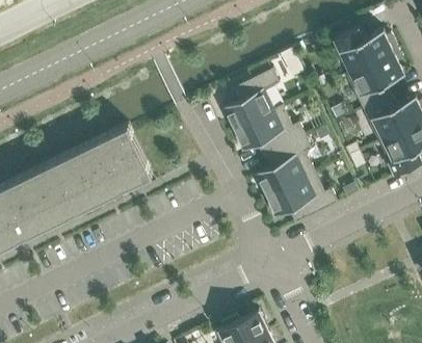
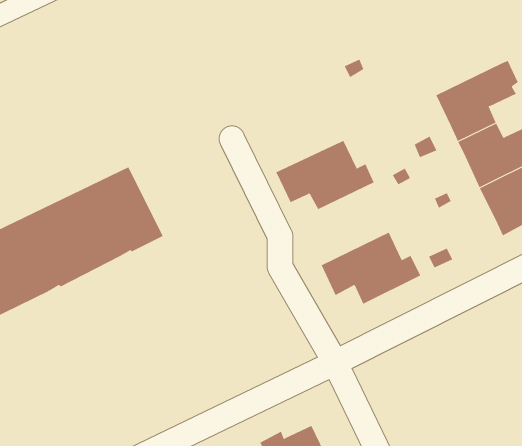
building: [332,29,400,76] -> none
building: [225,71,283,131] -> none
building: [256,138,315,197] -> none

